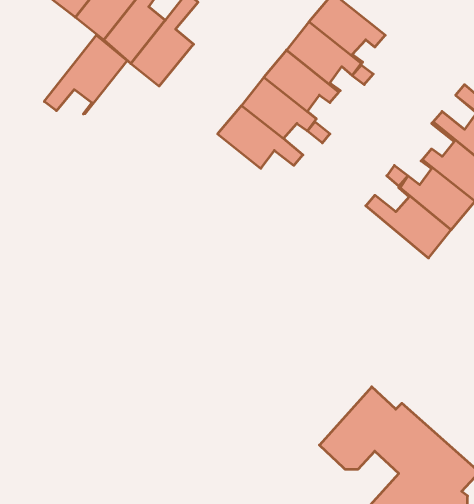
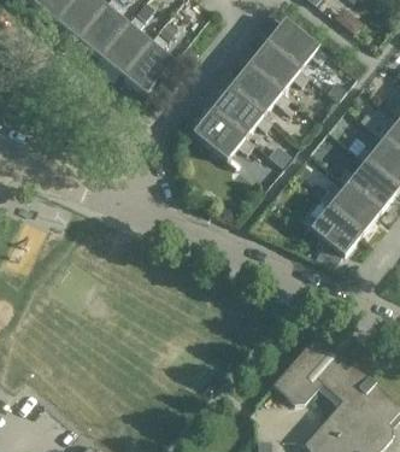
building: [44,35,127,114] -> none
building: none -> [294,189,361,254]

